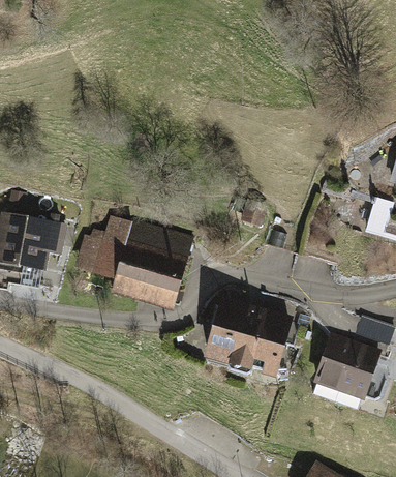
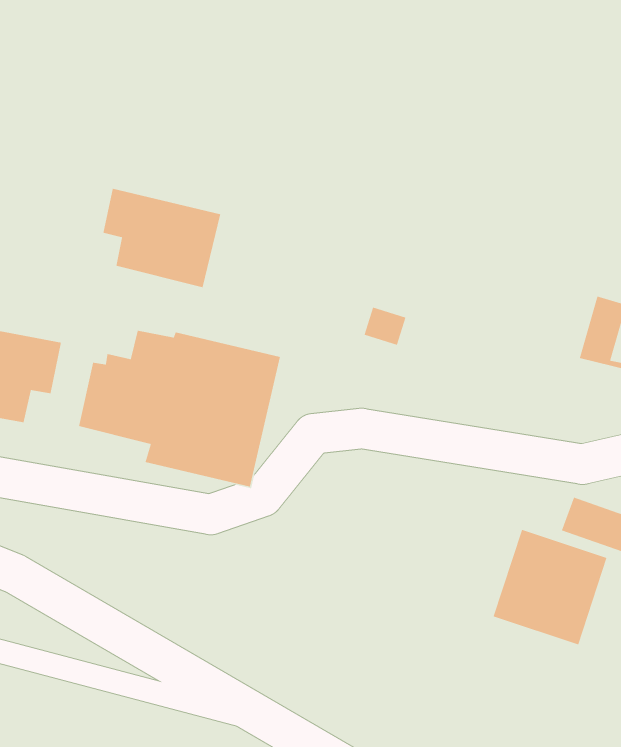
building: none -> [102,188,221,288]
building: [204,295,294,377] -> none

